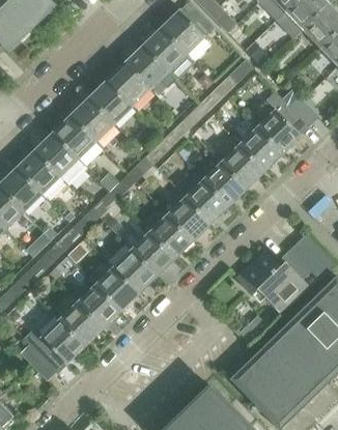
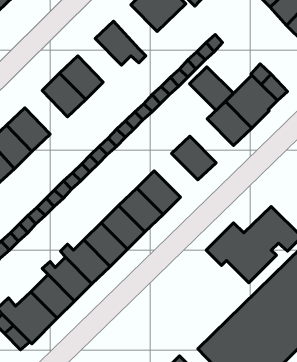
building: [142,28,187,73] -> none
building: [106,62,150,107] -> none
building: [52,115,95,160] -> none
building: [220,144,264,189] -> [190,67,233,110]
building: [184,179,228,224] -> none

